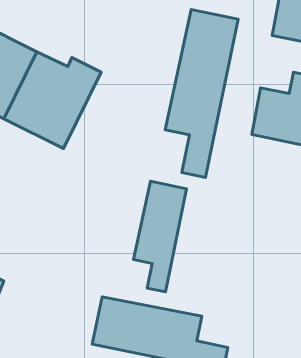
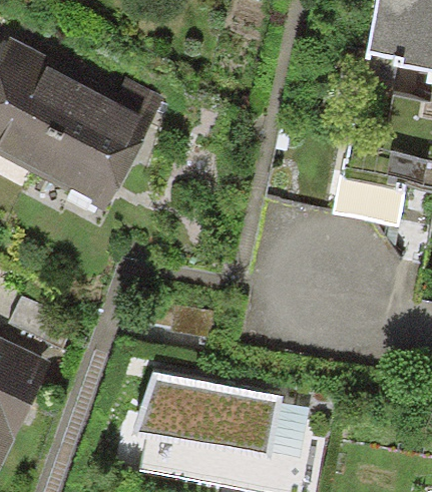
building: [165,9,238,178] -> none
building: [133,181,187,292] -> none

